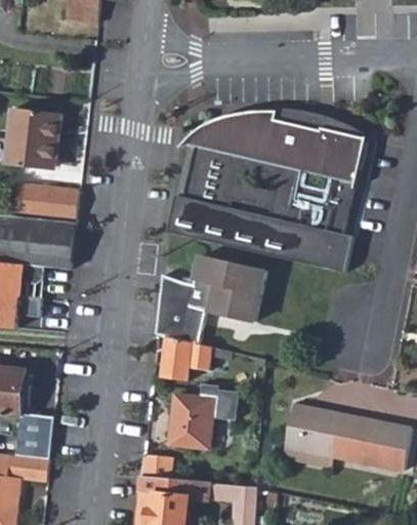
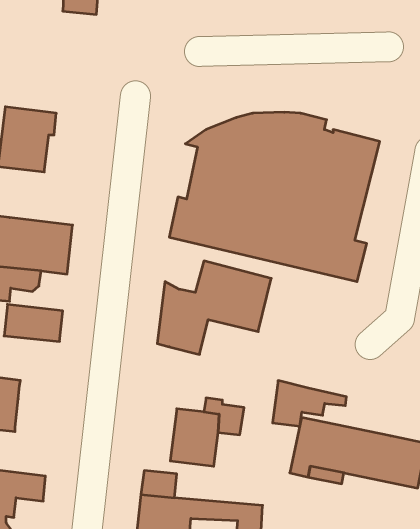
building: [16,183,79,221] -> none
building: [162,336,232,379] -> [273,381,346,426]
building: [17,412,55,458] -> none

